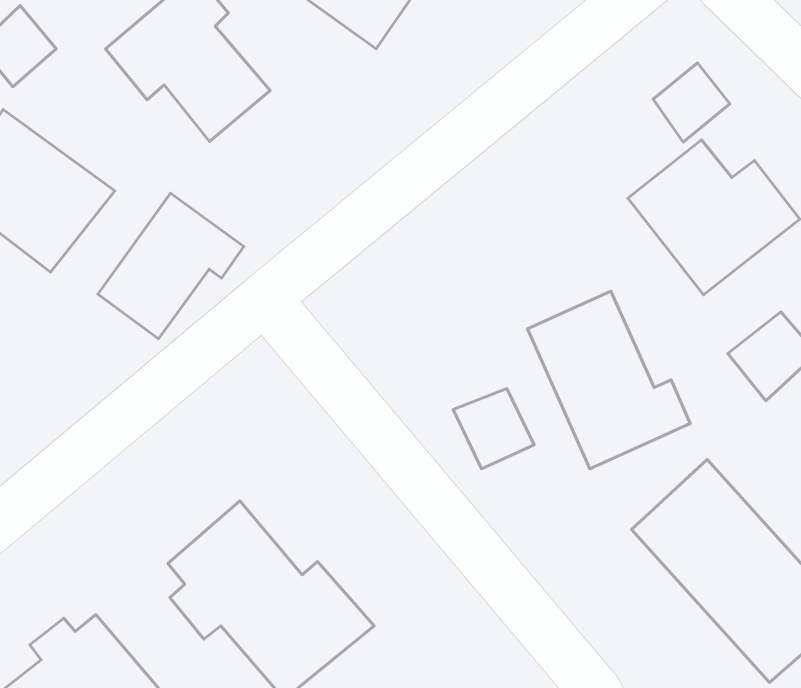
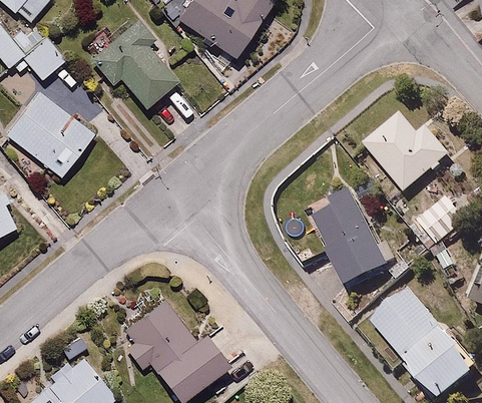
building: [653,63,730,142] -> none
building: [98,193,244,339] -> none
building: [453,389,534,469] -> none

